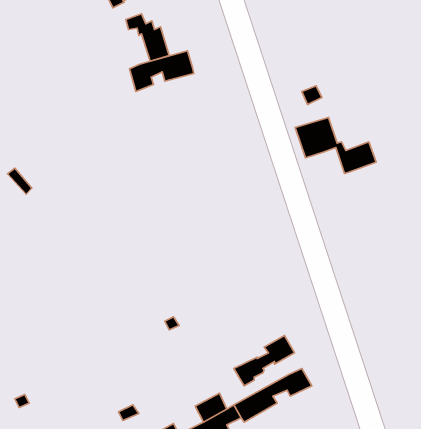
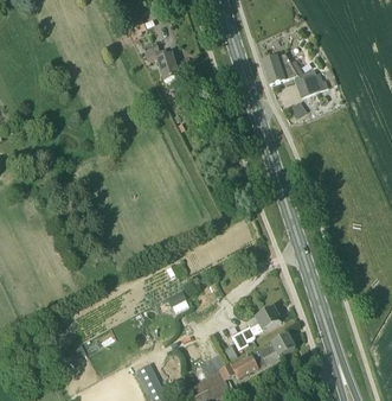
building: [129,51,194,91] -> none
building: [295,117,376,174] -> [262,51,328,97]

